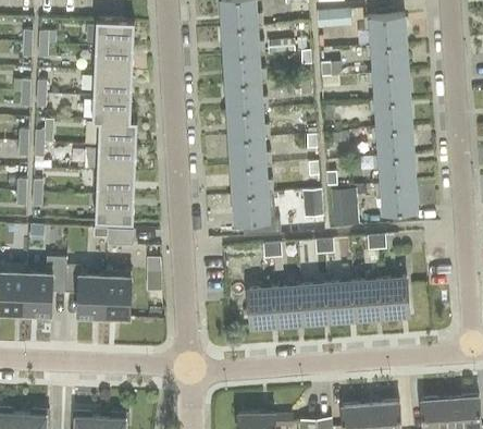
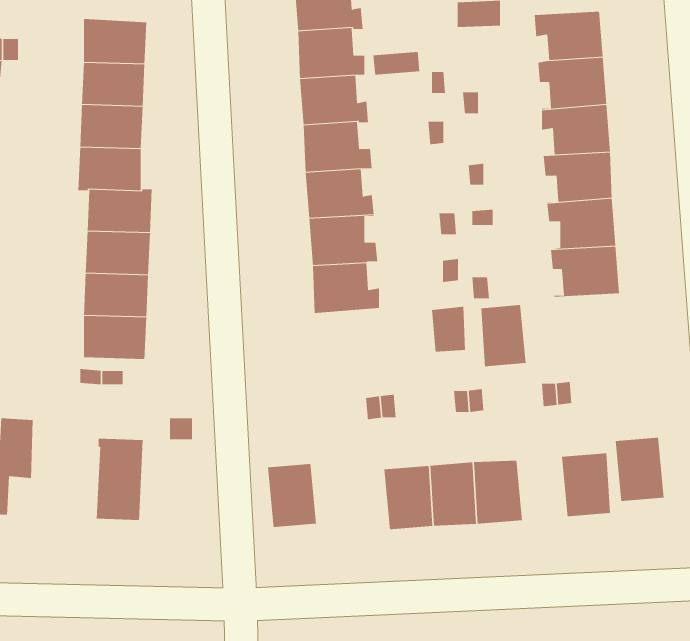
building: [375,183,416,212] -> none
building: [233,192,280,235] -> none
building: [77,273,106,317] -> none
building: [354,280,383,318] -> [615,437,664,501]
building: [248,287,277,326] -> [267,463,317,528]

